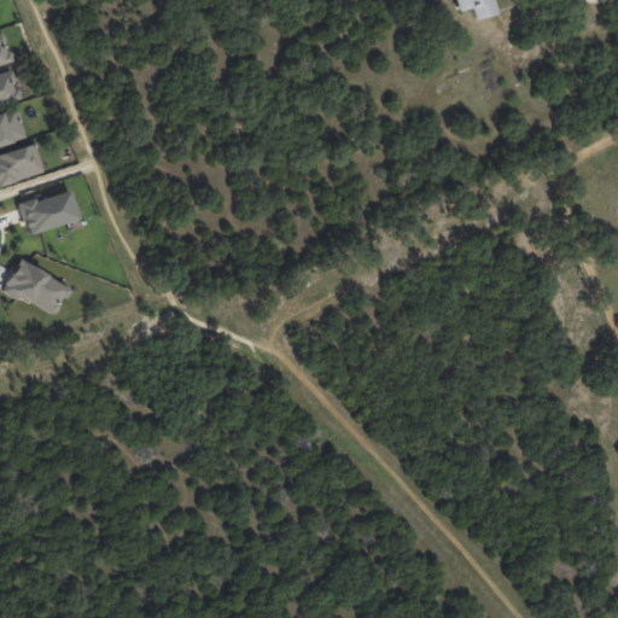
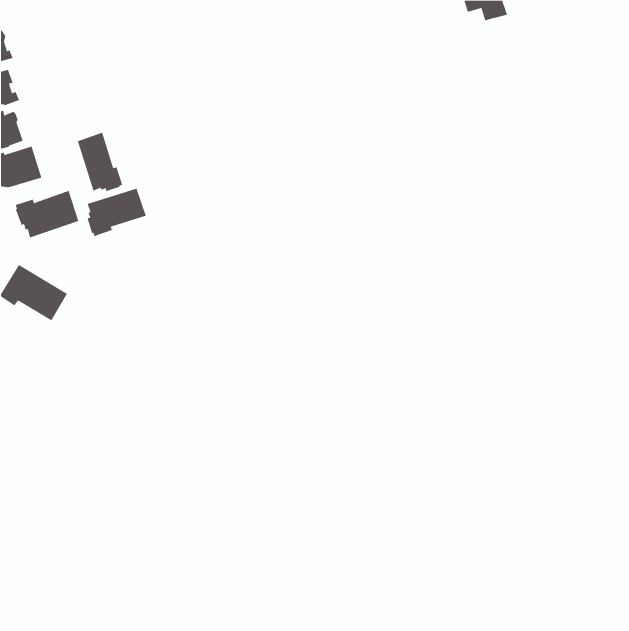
building: none -> [77,132,123,192]
building: none -> [87,188,147,237]

